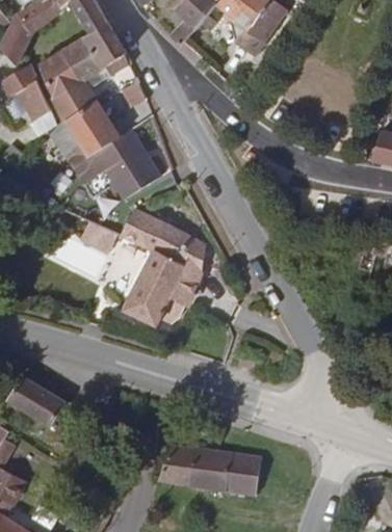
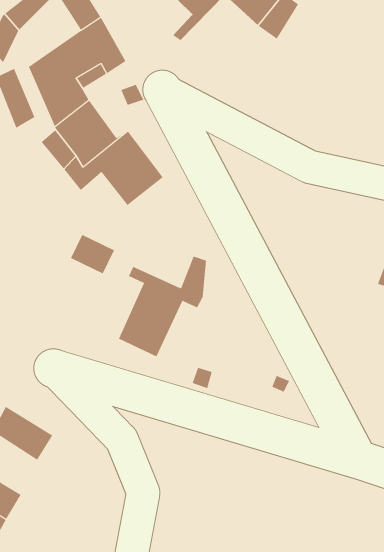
building: [119,213,190,269] -> none
building: [153,442,256,494] -> none

